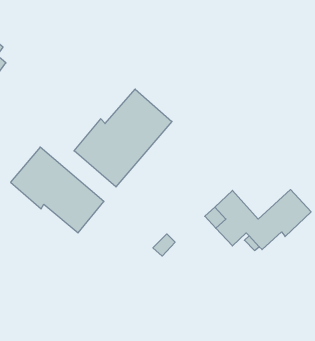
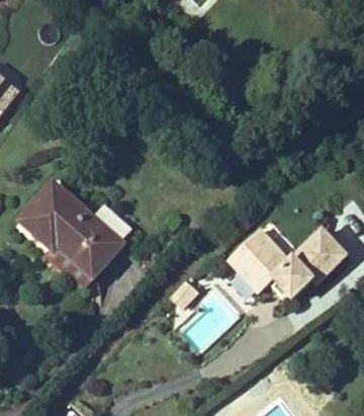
building: [74,89,172,187] -> none

